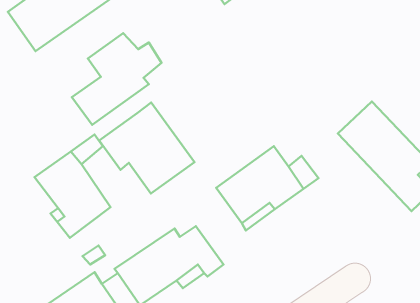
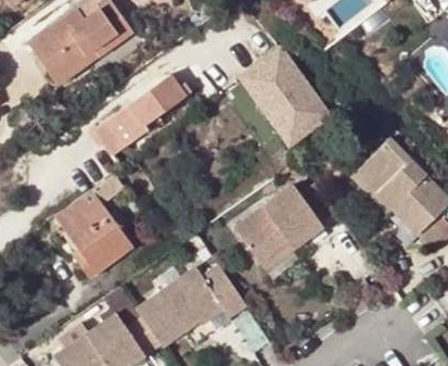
building: none -> [245,48,331,149]
building: [99,103,194,193] -> none

